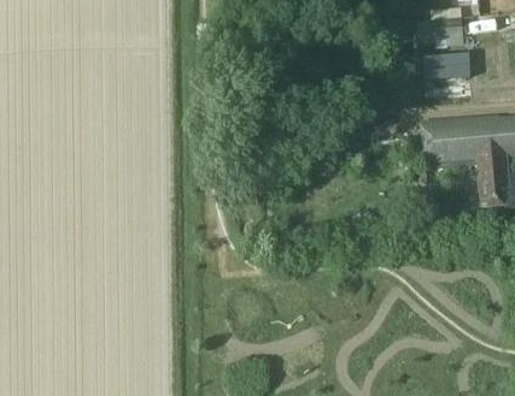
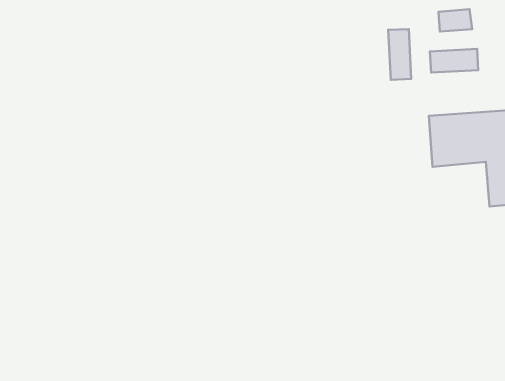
building: none -> [388,29,411,80]

